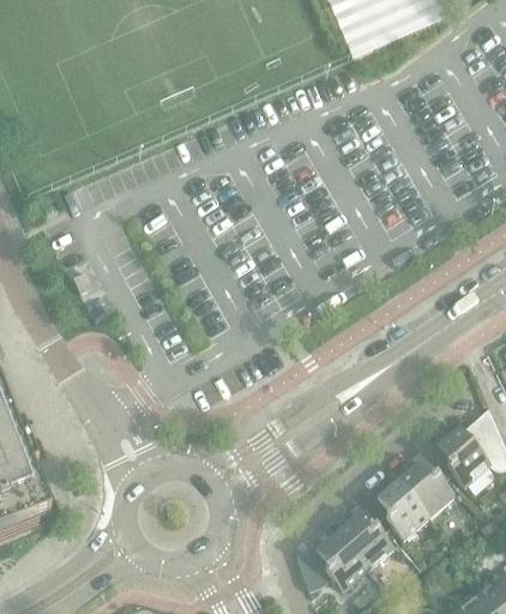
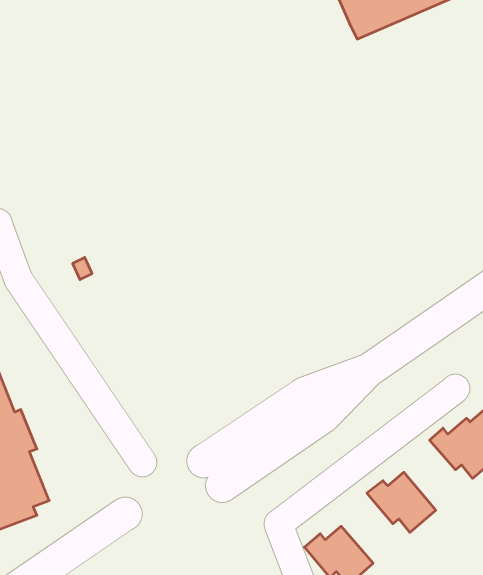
building: [396,450,452,518] -> none
building: [335,501,391,570] -> none

